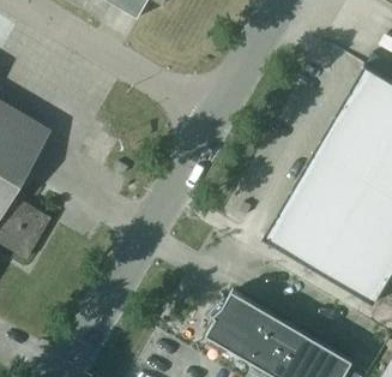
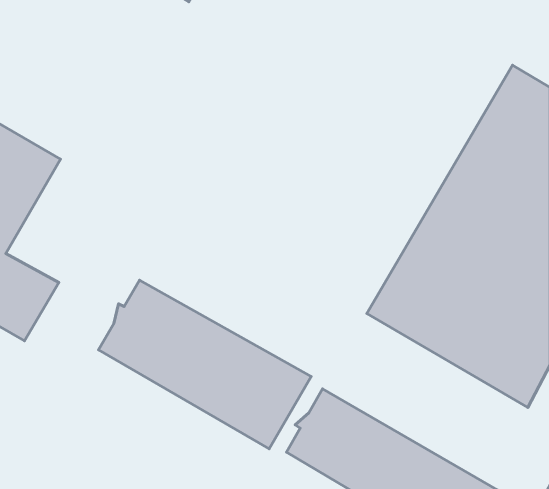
building: none -> [98,280,311,449]

